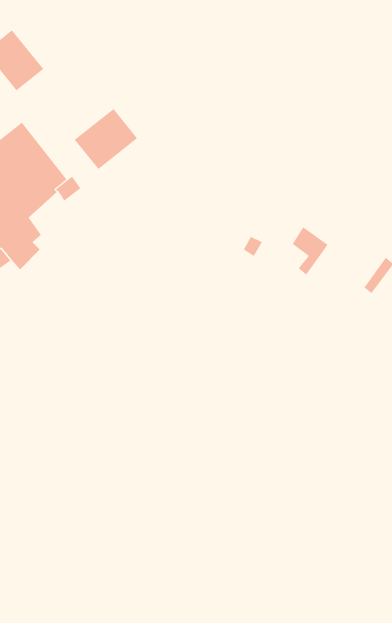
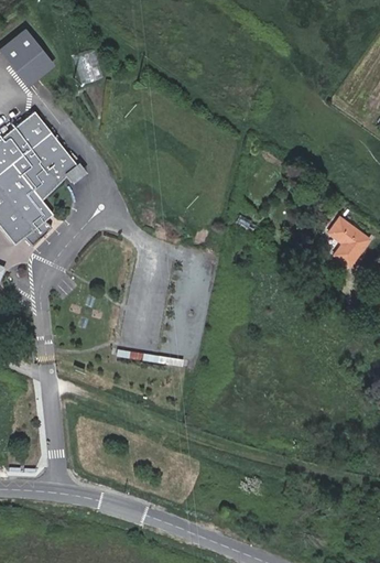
building: [74,108,138,170] -> none
building: [292,226,329,276] -> [328,217,361,261]

